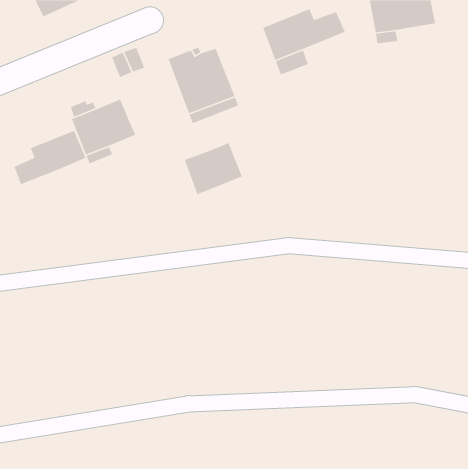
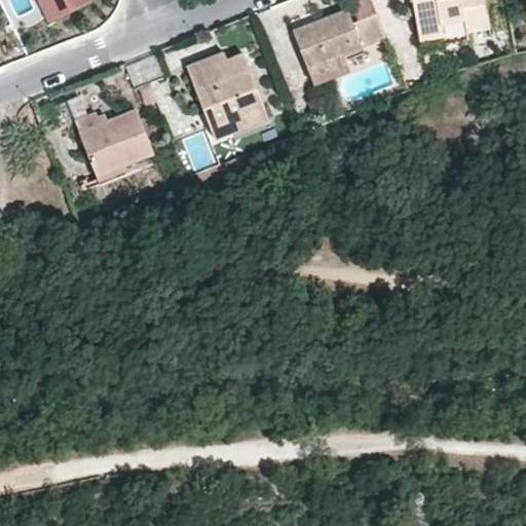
building: [13,130,87,185] -> none
building: [184,142,243,195] -> none

